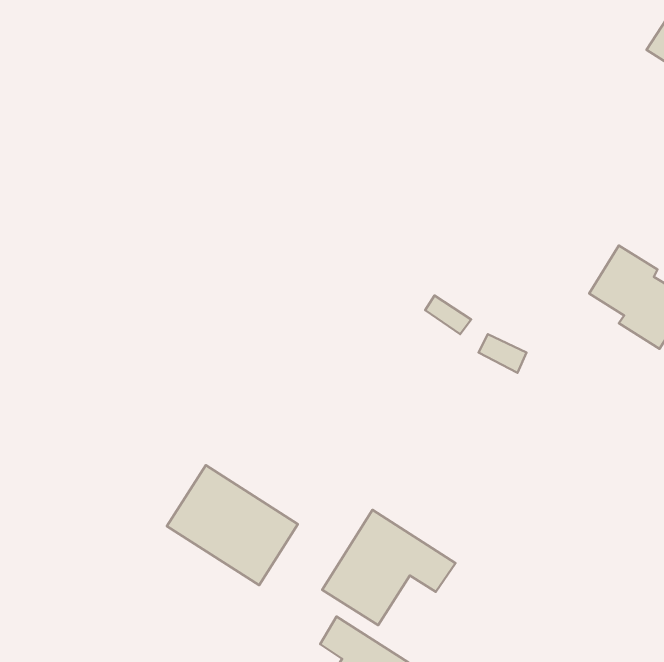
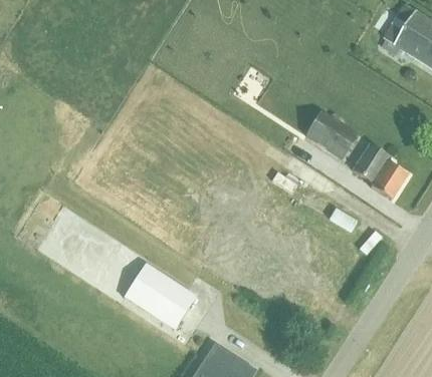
building: none -> [305,110,356,156]
building: [322,510,455,625] -> none

